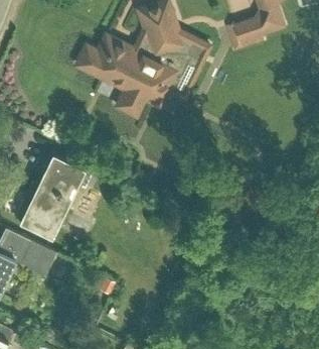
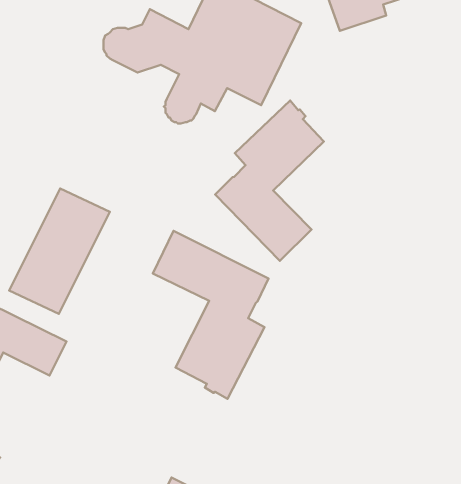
building: none -> [215,101,324,261]
building: none -> [153,231,269,399]

